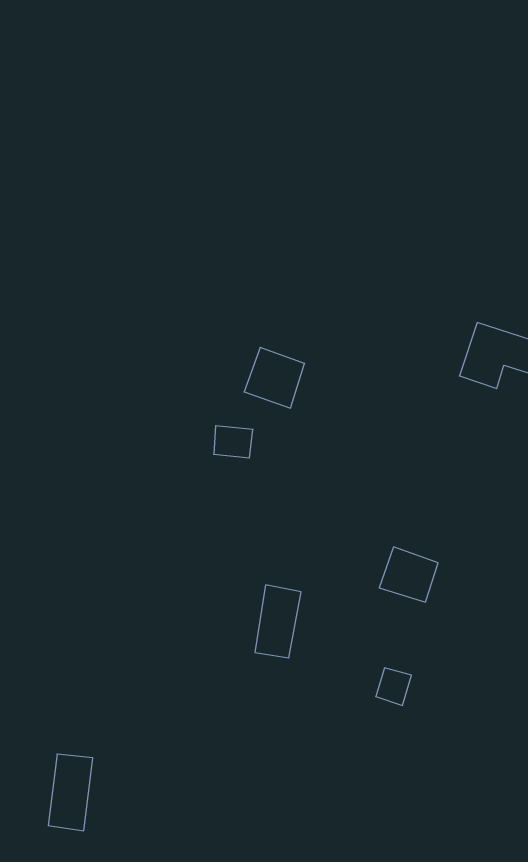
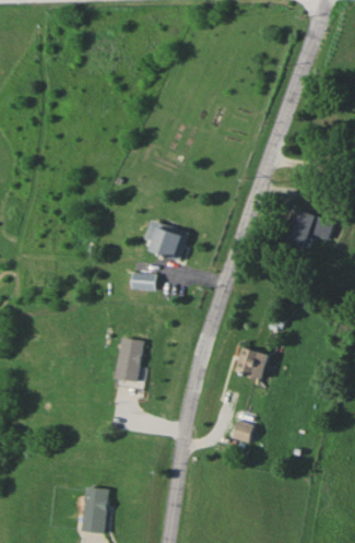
building: [255,585,301,658] -> [115,338,143,382]
building: [48,754,93,831] -> [81,487,108,534]

